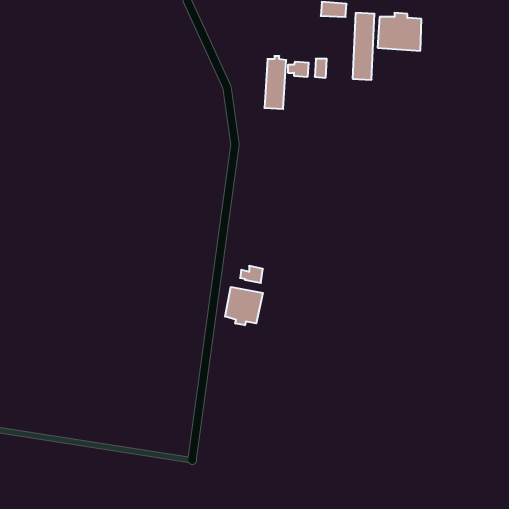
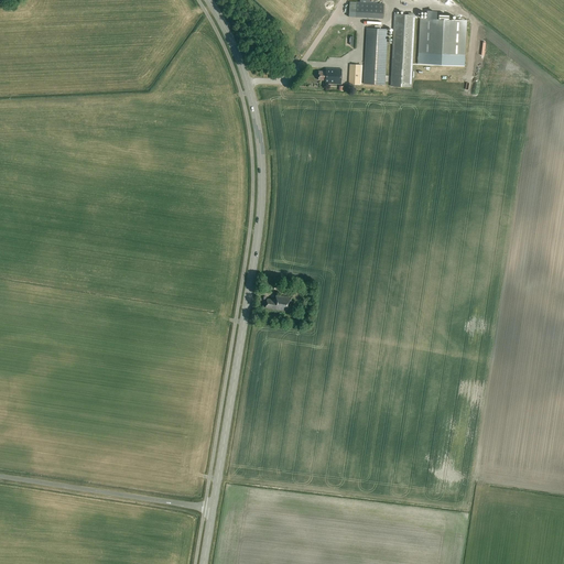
building: [264,56,286,109] -> [364,26,388,85]
building: [225,287,263,325] -> none

